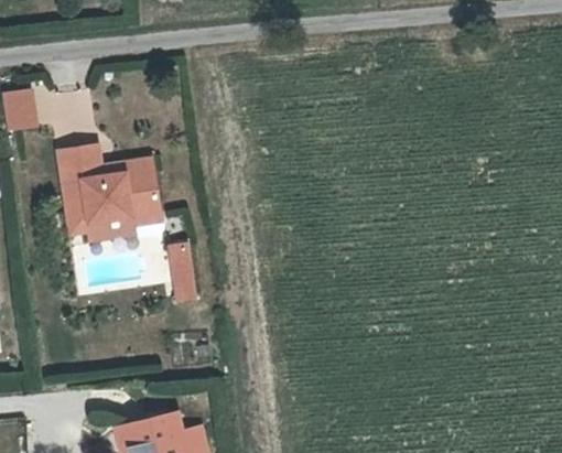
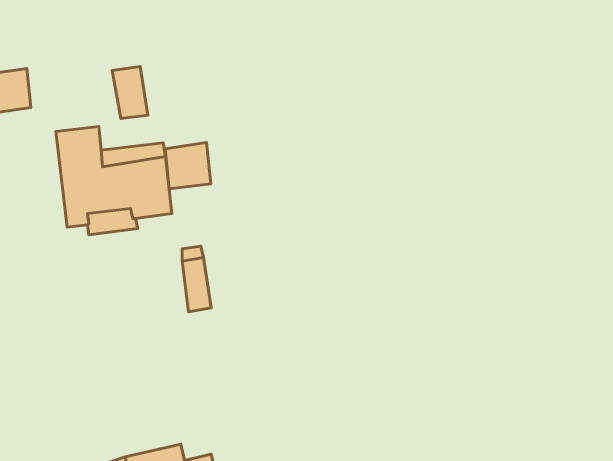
building: none -> [112,67,148,119]
building: none -> [165,143,211,189]

